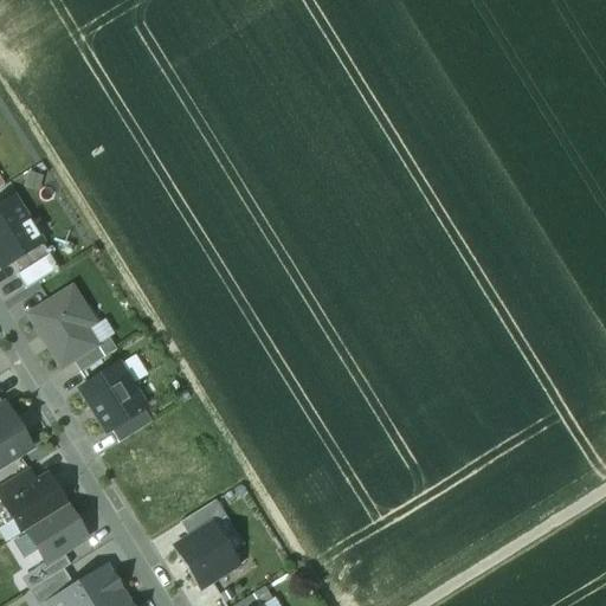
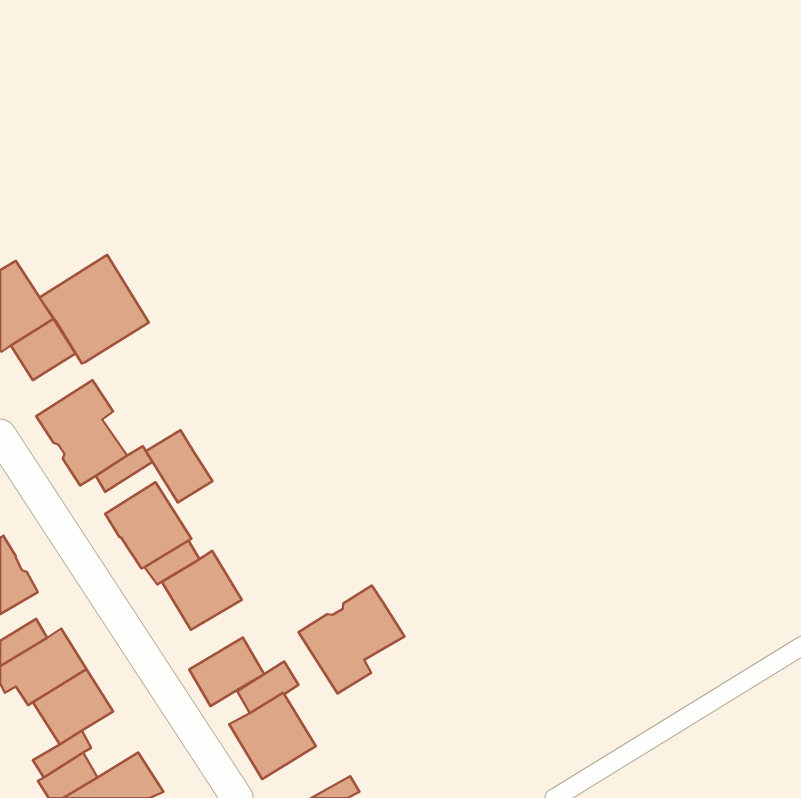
building: none -> [39,255,149,363]
building: none -> [146,430,213,502]
building: none -> [162,551,242,630]
building: none -> [299,586,404,694]
building: none -> [189,637,264,706]

